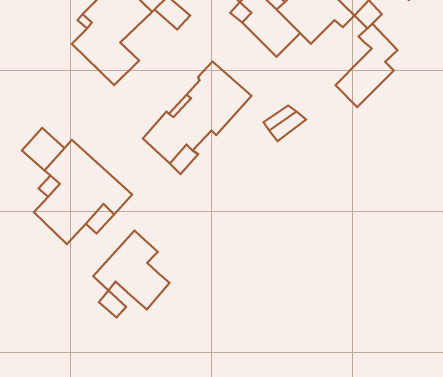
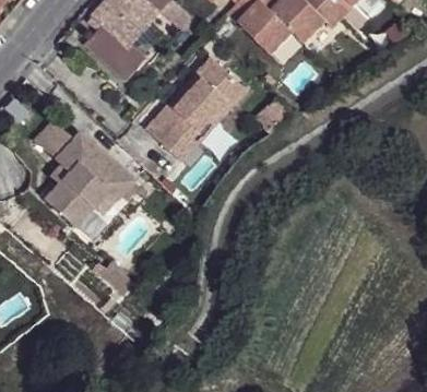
building: [335,24,398,107] -> none
building: [93,230,169,309] -> none

